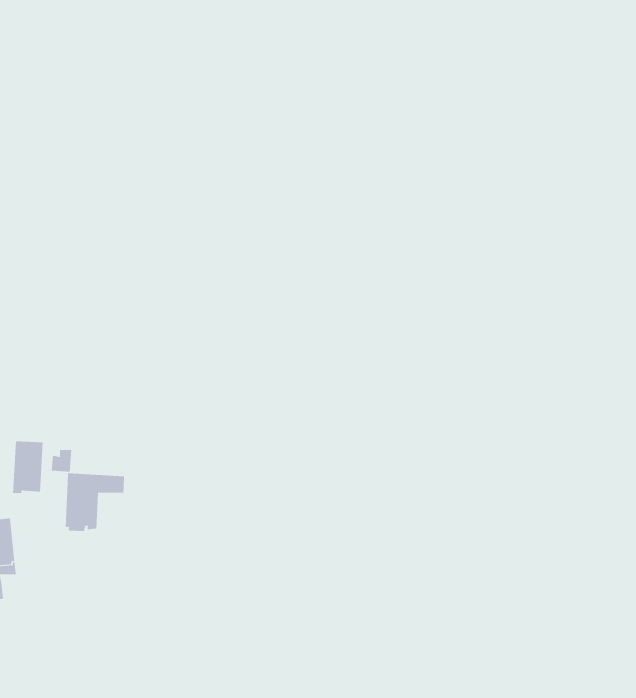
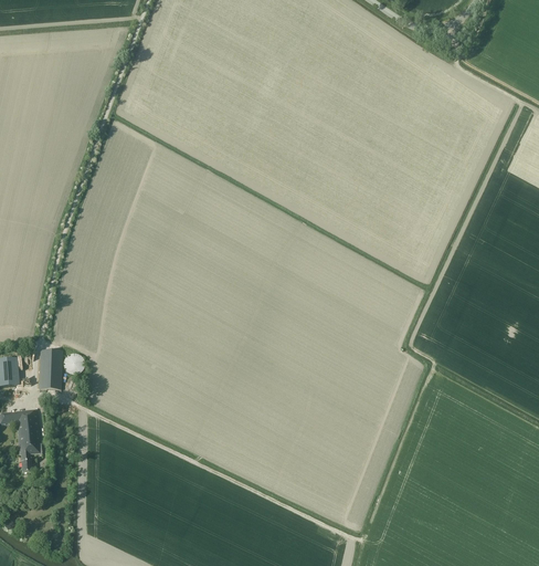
building: [65,473,125,532] -> none

